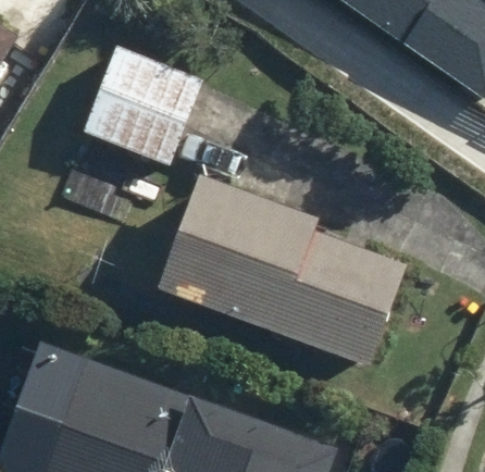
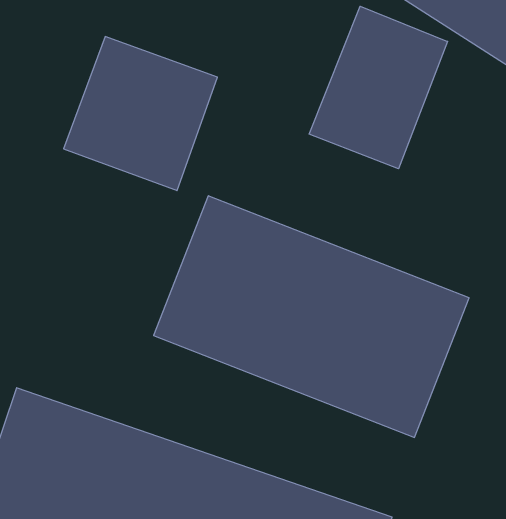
building: none -> [309,6,448,169]

